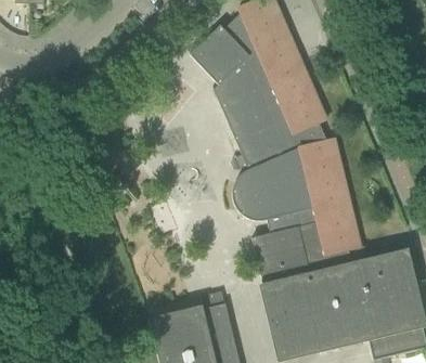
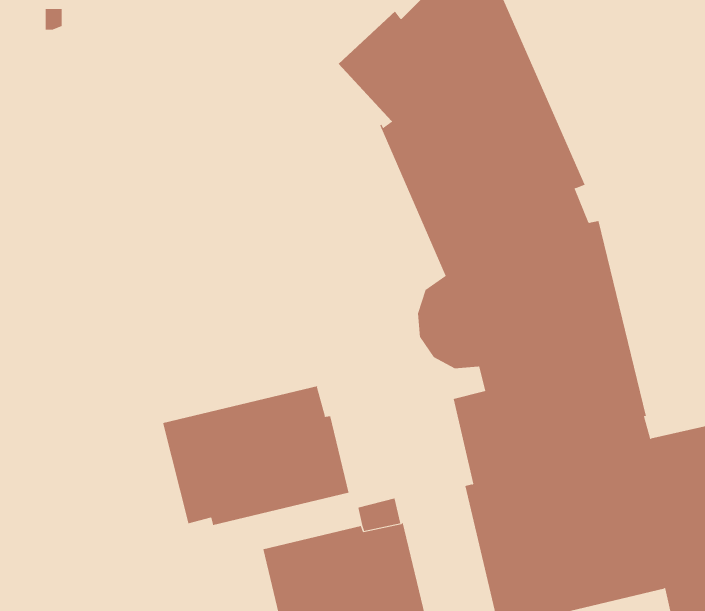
building: none -> [163,385,349,526]

